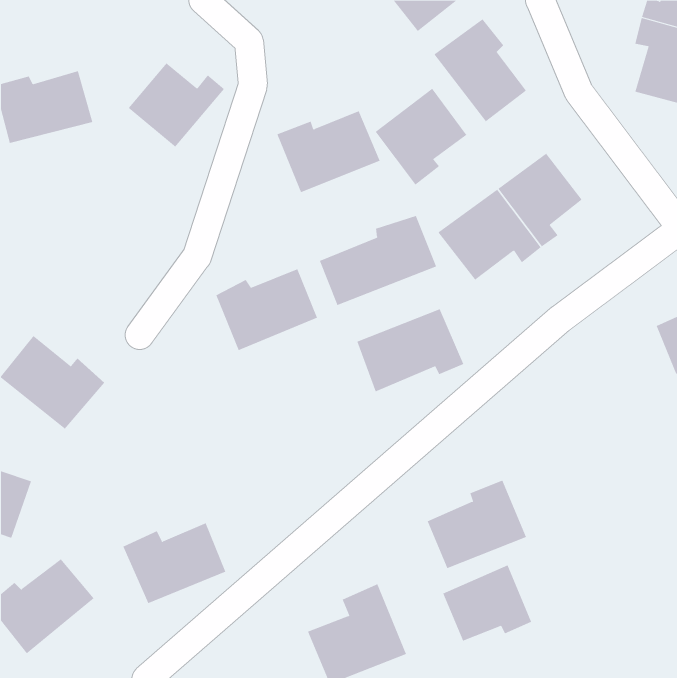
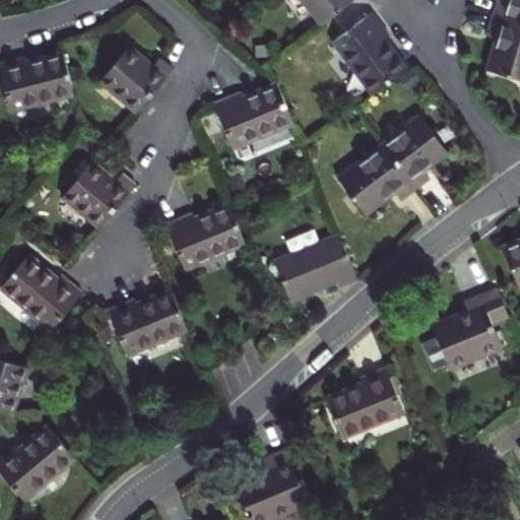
building: [375,88,467,186] -> none
building: none -> [62,164,135,229]
building: [319,215,437,306] -> none
building: none -> [421,288,509,369]
building: [123,523,226,604] -> [107,292,186,354]
building: [443,565,532,641] -> none

